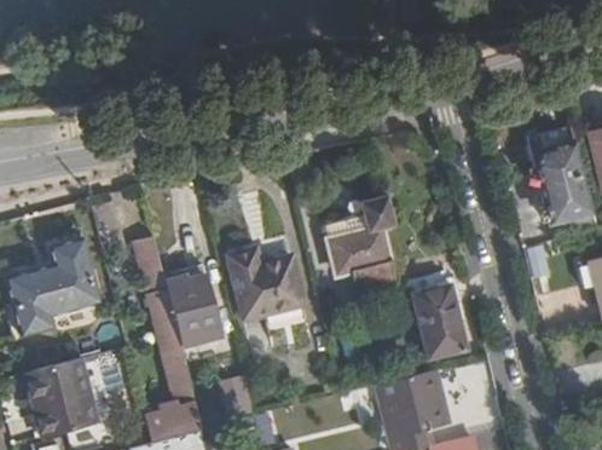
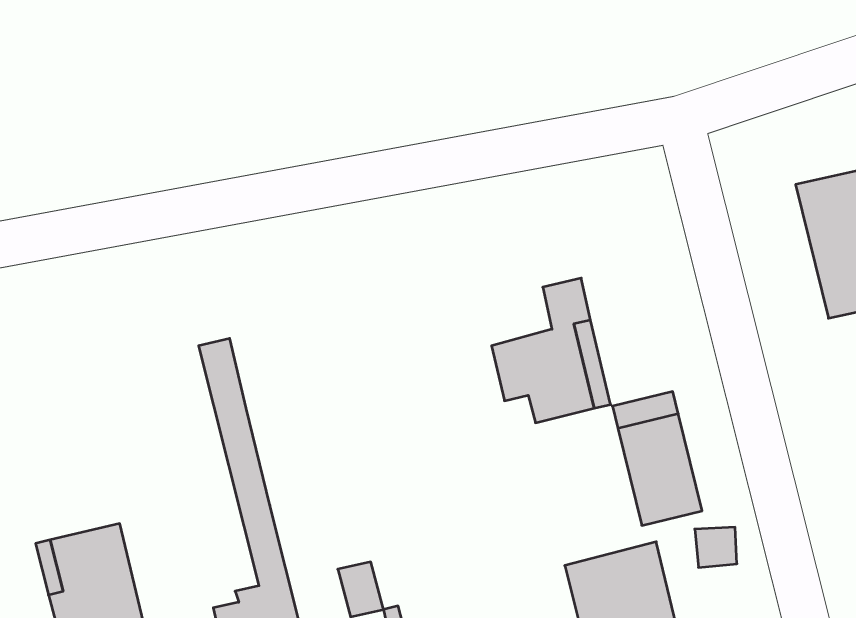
building: [10,238,100,335] -> none
building: [227,249,303,319] -> none
building: [164,262,219,346] -> none

